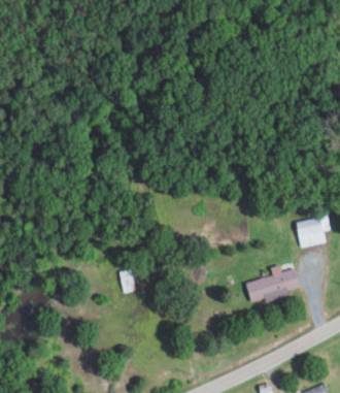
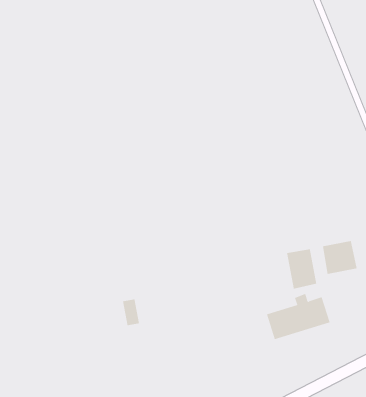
building: none -> [286,249,317,289]

